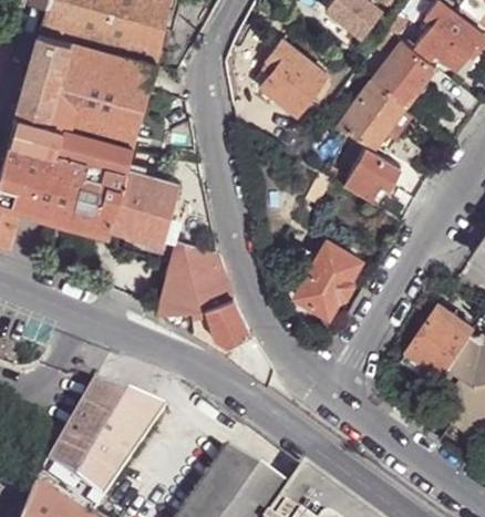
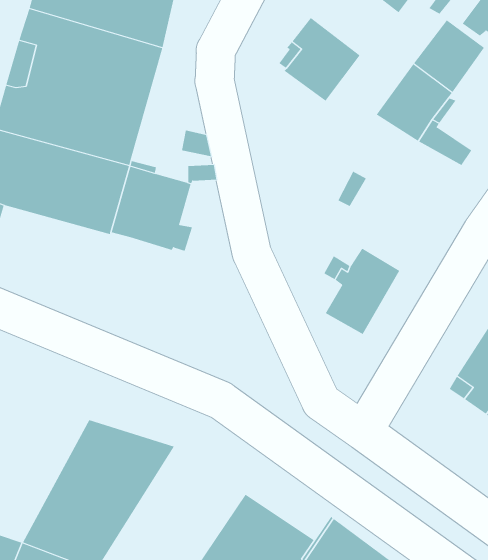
building: [342,147,403,204] -> none
building: [157,245,270,384] -> none

